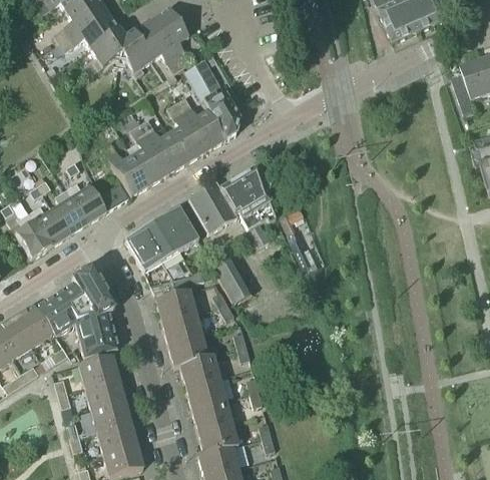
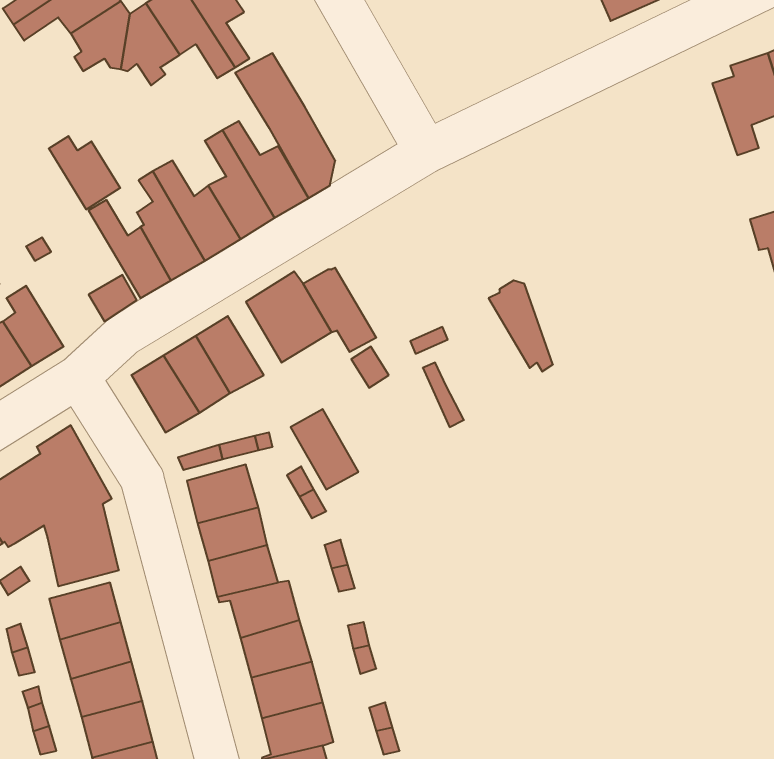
building: [239,169,276,220] -> [489,280,553,372]
building: [66,182,106,223] -> [49,136,120,209]

